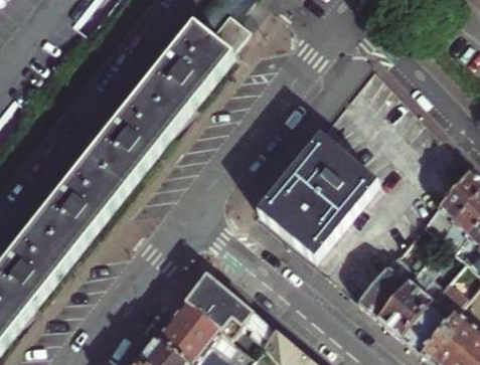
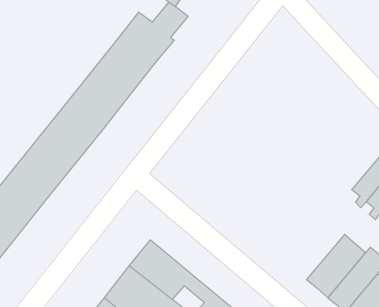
building: [257,134,379,257] -> none
building: [359,251,427,316] -> none

